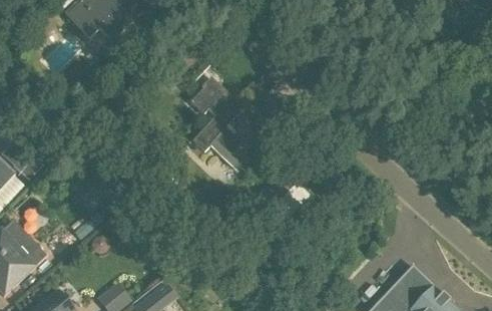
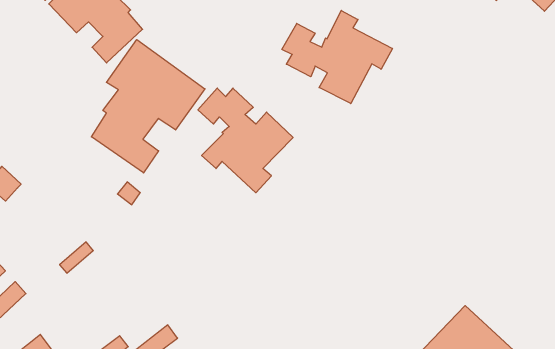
building: none -> [282,10,392,104]
building: none -> [91,40,205,173]

